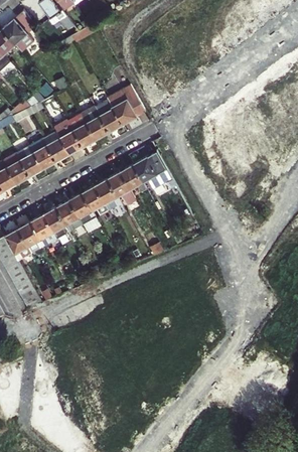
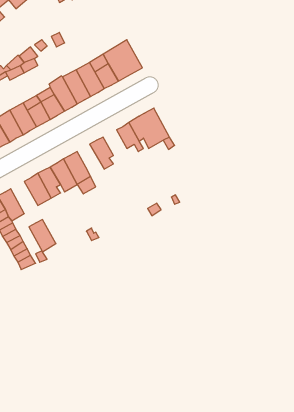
building: [107,171,136,205] -> none
building: [82,185,108,215] -> none
building: [17,221,43,253] -> [29,220,56,252]

